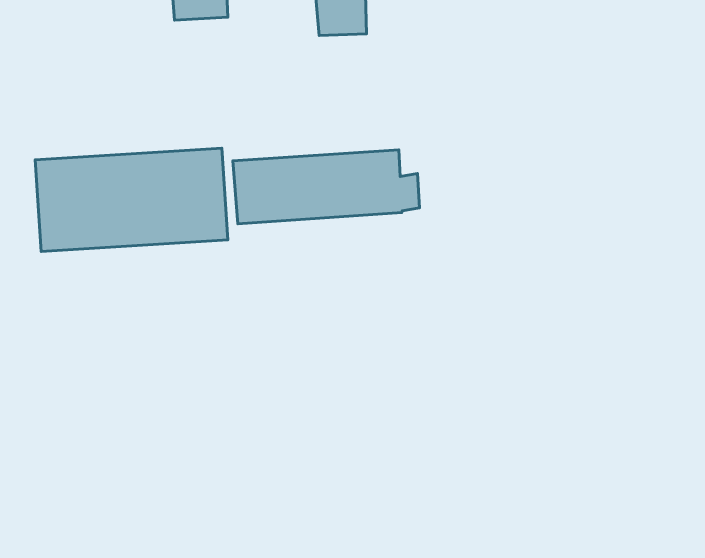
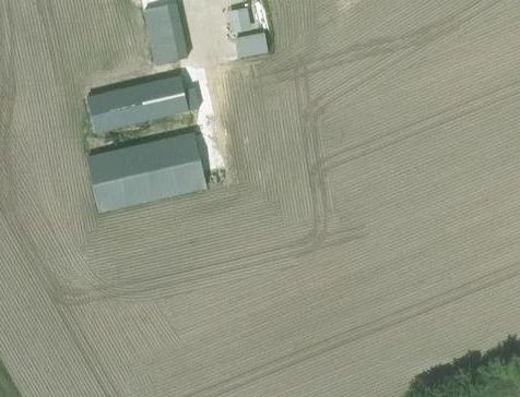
building: [233,150,420,224] -> [86,75,199,133]

